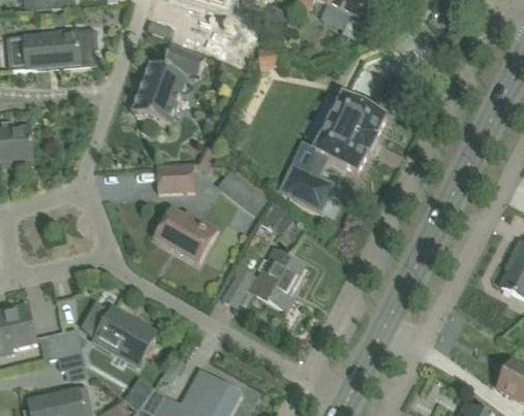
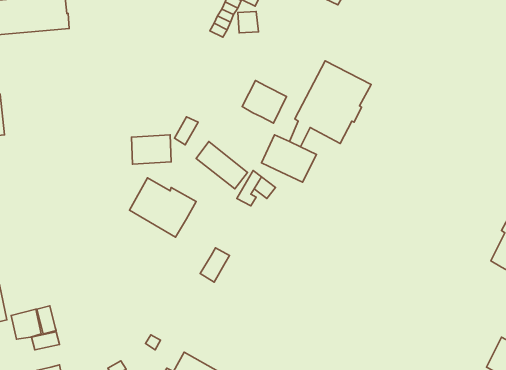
building: [132,44,205,123] -> none
building: none -> [242,81,287,123]
building: [248,247,305,310] -> none
building: [84,300,156,366] -> none

